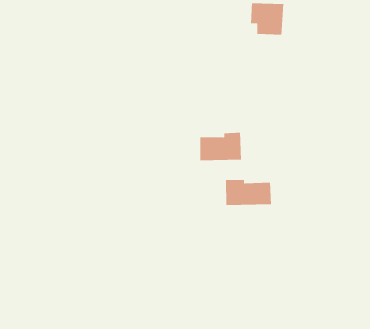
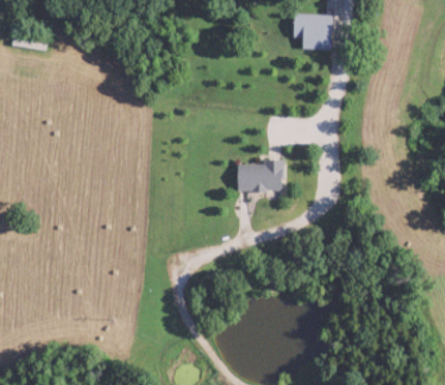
building: [225,179,272,206] -> none

